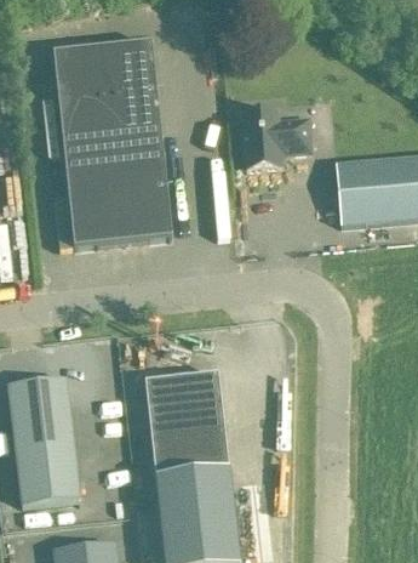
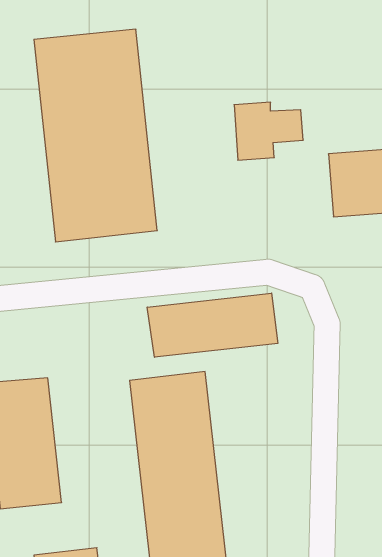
building: none -> [147,293,278,357]

